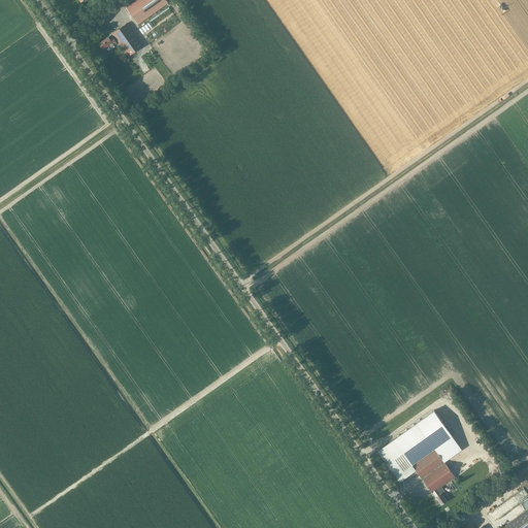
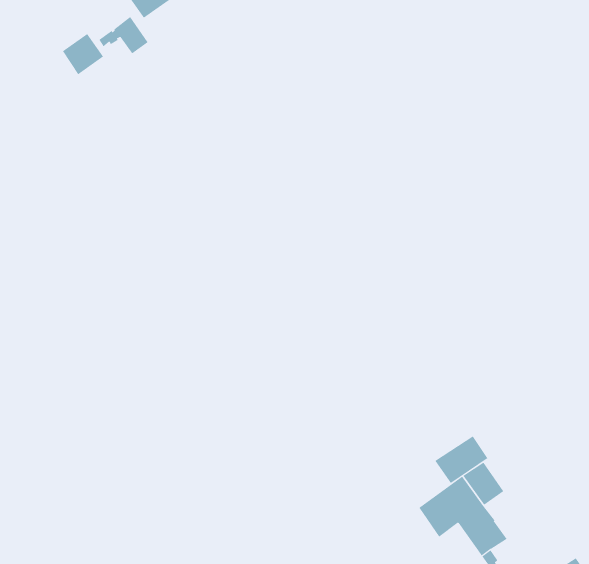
building: none -> [62,33,104,75]
building: none -> [434,436,488,484]

